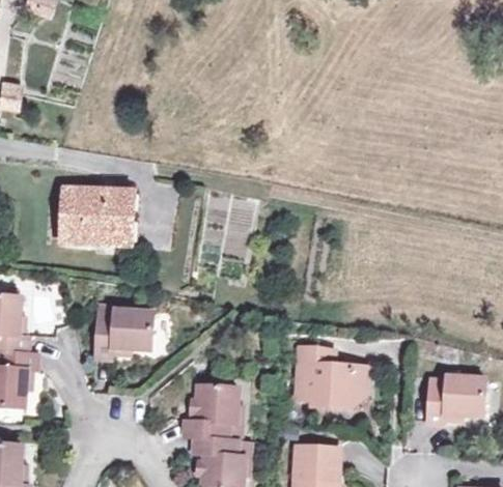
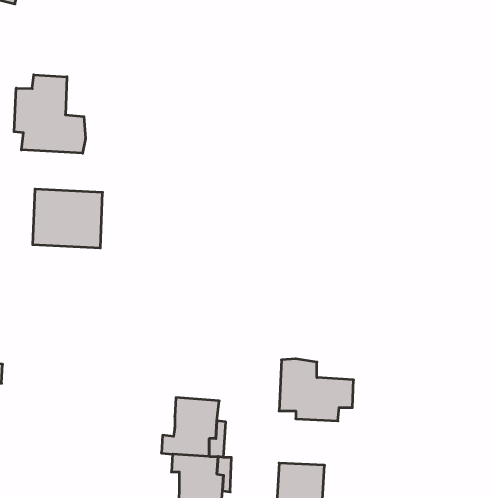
building: none -> [14,75,85,153]
building: [92,309,151,357] -> none
building: [424,375,484,423] -> none

